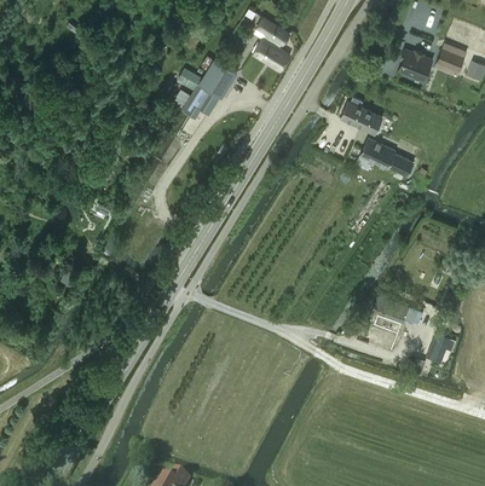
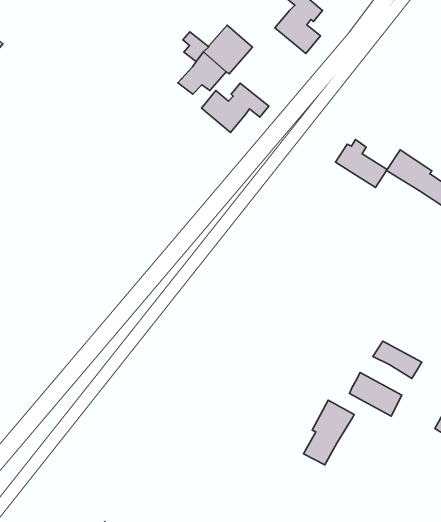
building: [340,96,382,132] -> [335,139,387,187]
building: none -> [201,83,269,133]
building: none -> [304,400,354,465]

